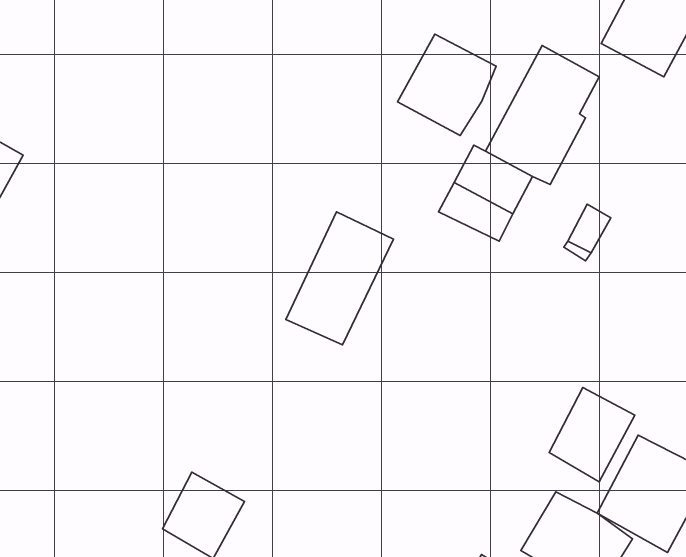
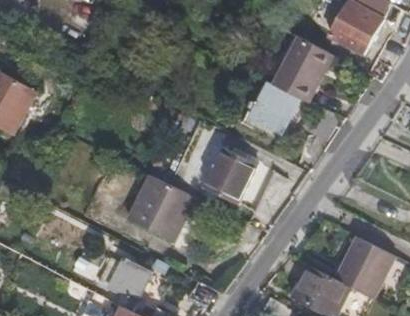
building: [398,34,496,136] -> none
building: none -> [204,148,256,204]
building: none -> [128,175,195,243]
building: [549,387,635,482] -> none

